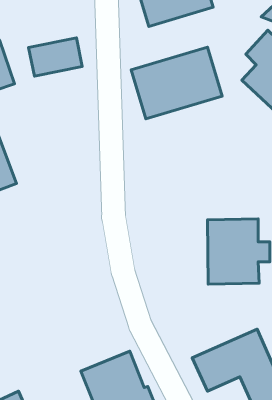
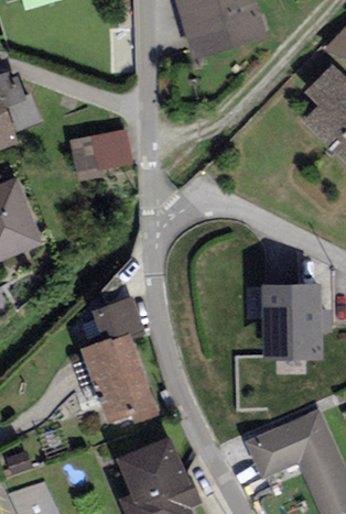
building: [29,38,82,76] -> [71,131,132,175]
building: [131,47,222,119] -> none
building: none -> [69,297,159,424]

